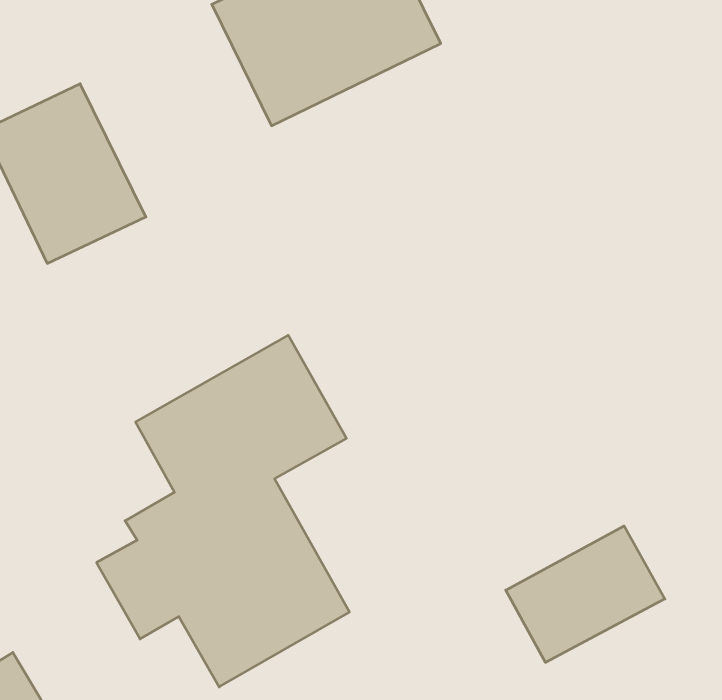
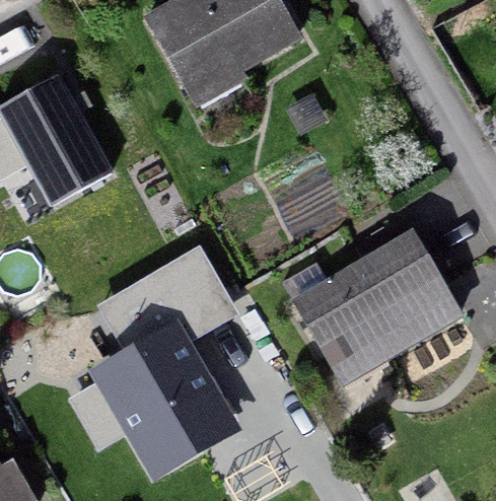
building: none -> [282,224,457,373]
building: [506,526,665,662] -> none

